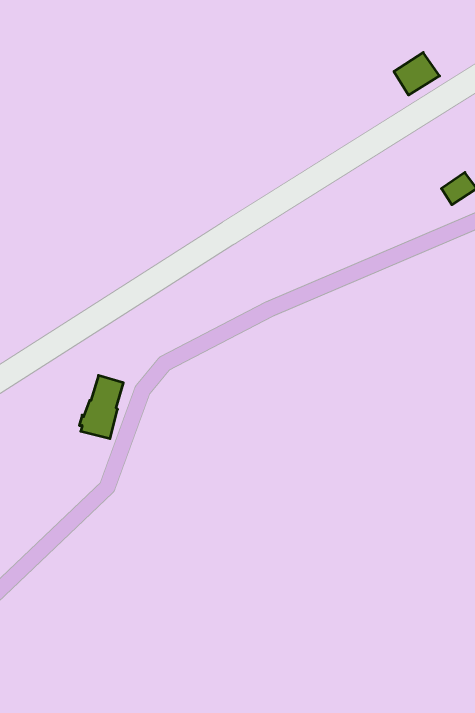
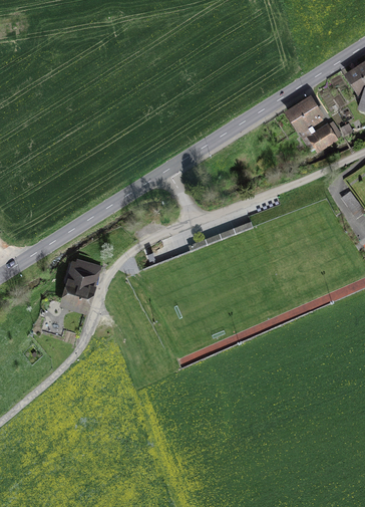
building: [394,52,440,95] -> [289,97,320,126]

